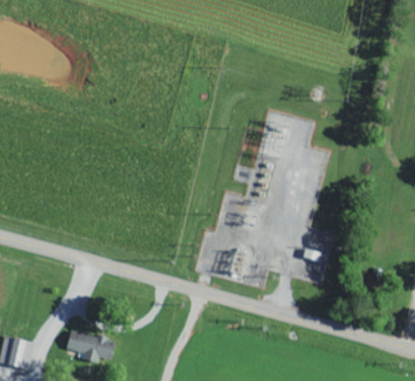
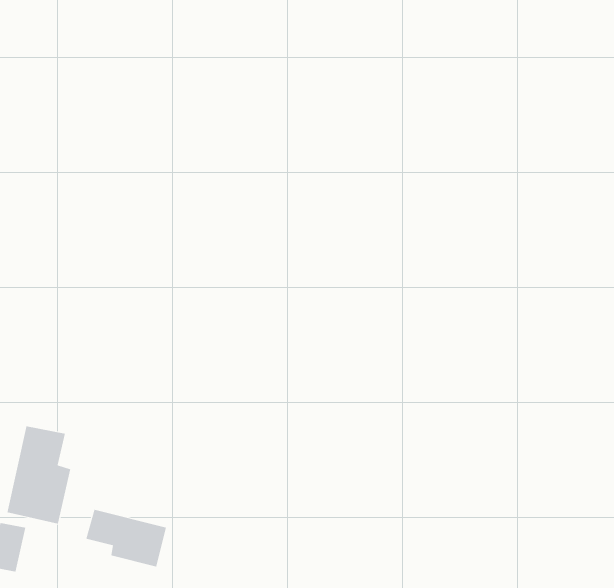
building: none -> [7,425,71,524]

